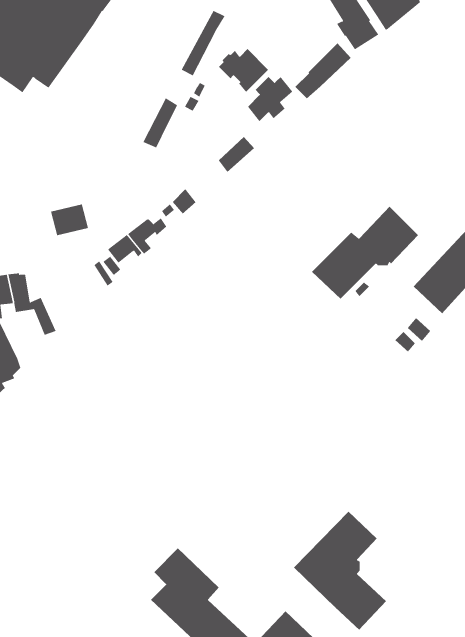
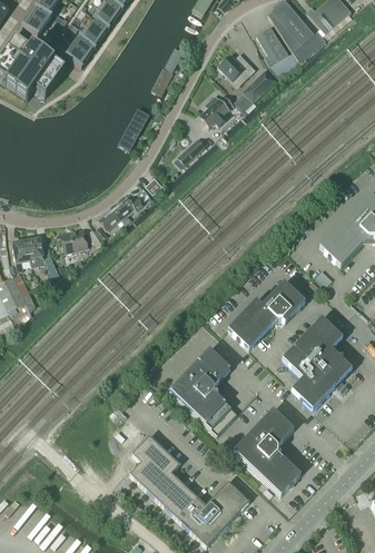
building: [218,48,269,93] -> [217,53,254,86]
building: [50,204,89,236] -> [59,229,87,253]
building: [311,206,419,300] -> [226,282,304,349]
building: none -> [280,318,349,409]
building: none -> [168,349,236,435]

